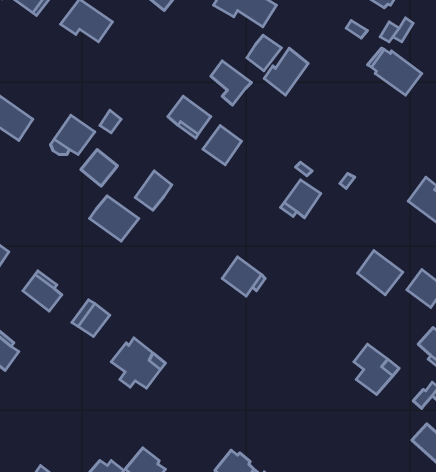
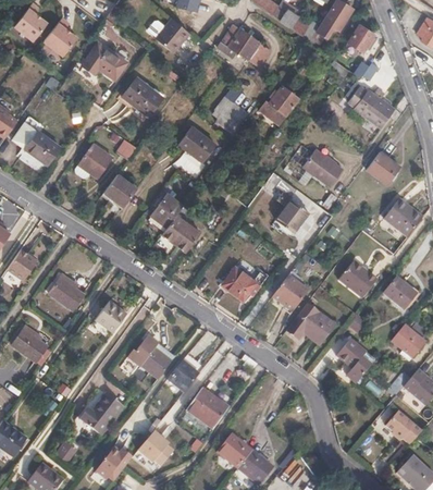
building: [247,35,281,71] -> none
building: none -> [123,77,162,115]
building: none -> [302,148,343,186]
building: none -> [367,150,399,182]
building: [203,125,241,165] -> none
building: [89,196,139,241] -> [158,212,200,252]
building: none -> [272,275,308,310]
building: none -> [286,302,335,343]
building: none -> [168,360,198,391]
building: none -> [186,388,227,428]
building: none -> [76,393,122,437]

